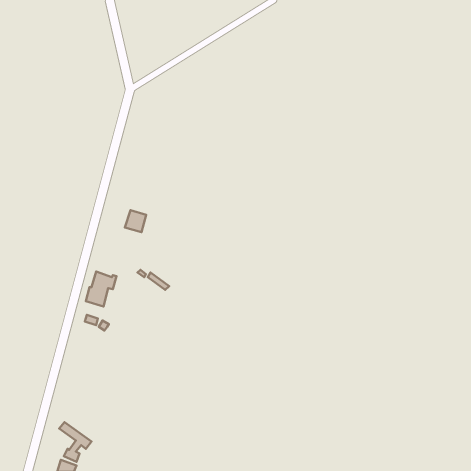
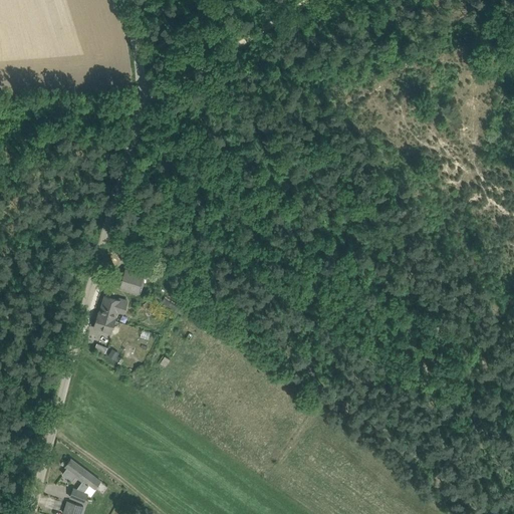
building: [125,210,146,232] -> [118,270,142,294]

